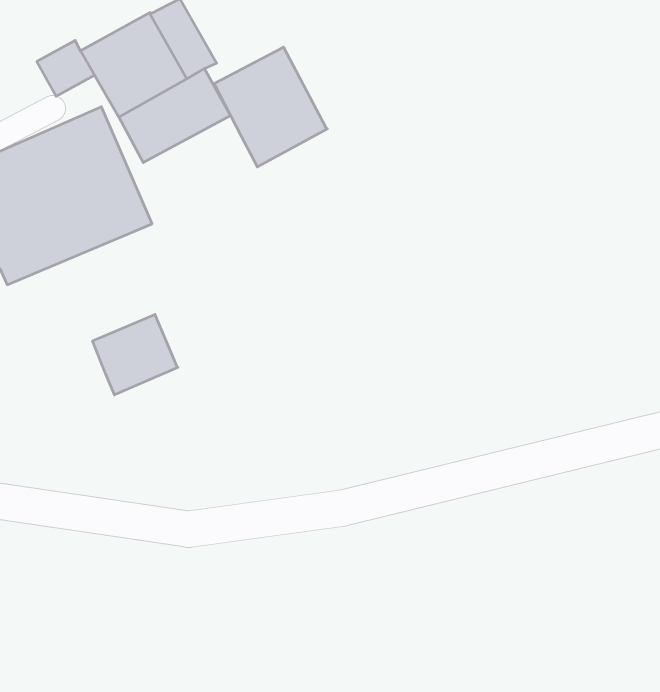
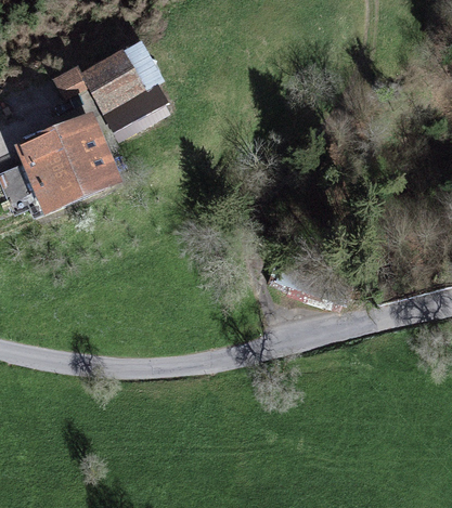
building: [214,47,327,167] -> none
building: [93,314,178,395] -> none

